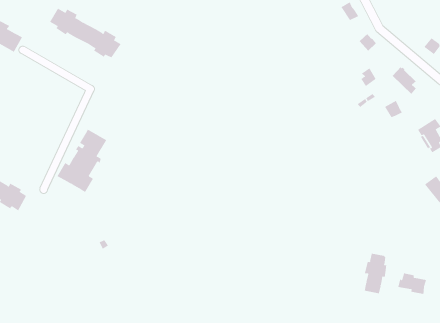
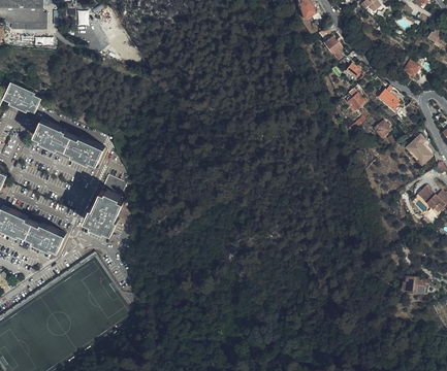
building: [49,8,121,58] -> [32,128,99,168]
building: [364,253,387,294] -> none

